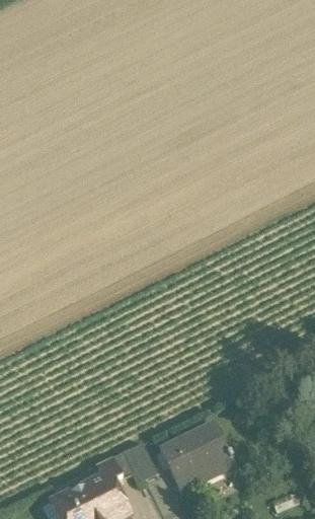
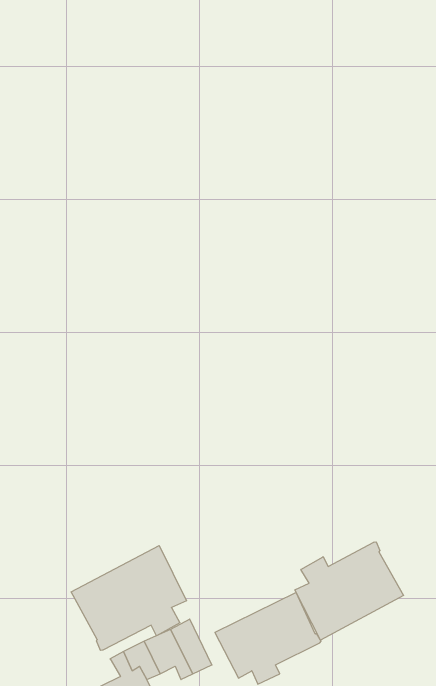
building: none -> [295,542,404,640]
building: none -> [71,546,187,650]

